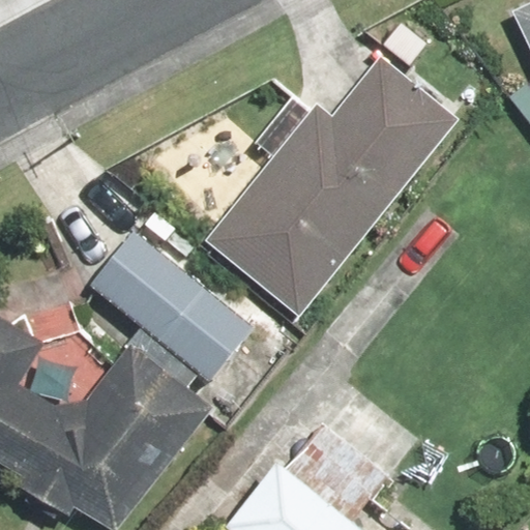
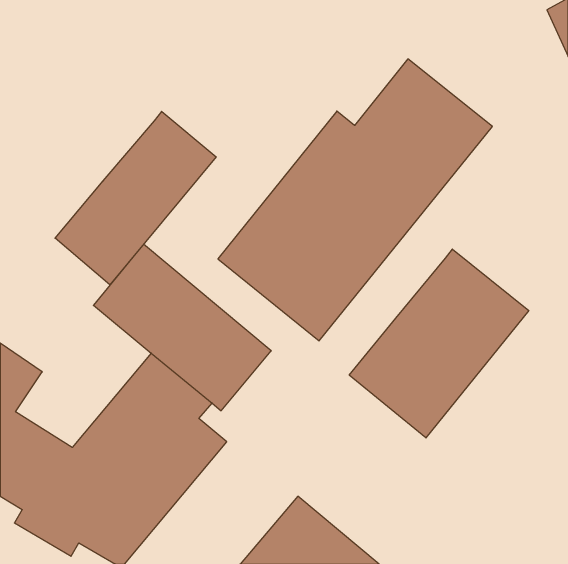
building: none -> [55,111,216,285]
building: none -> [349,249,529,438]

